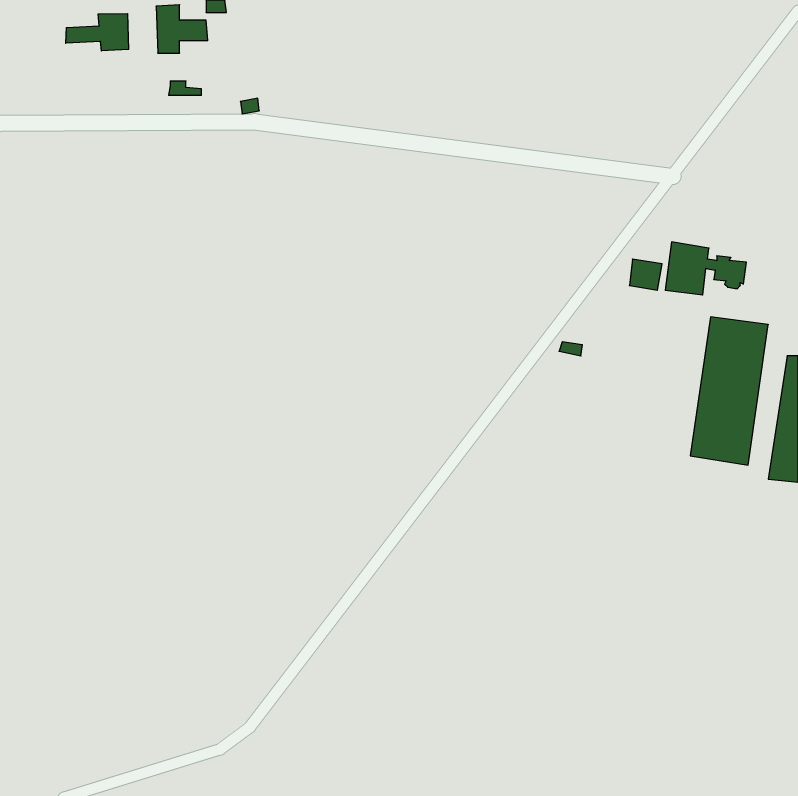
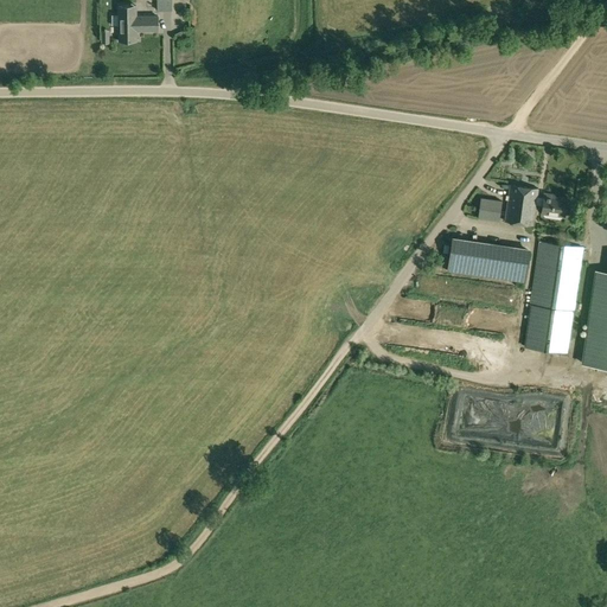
building: [66,14,129,51] -> none
building: none -> [447,239,530,282]

